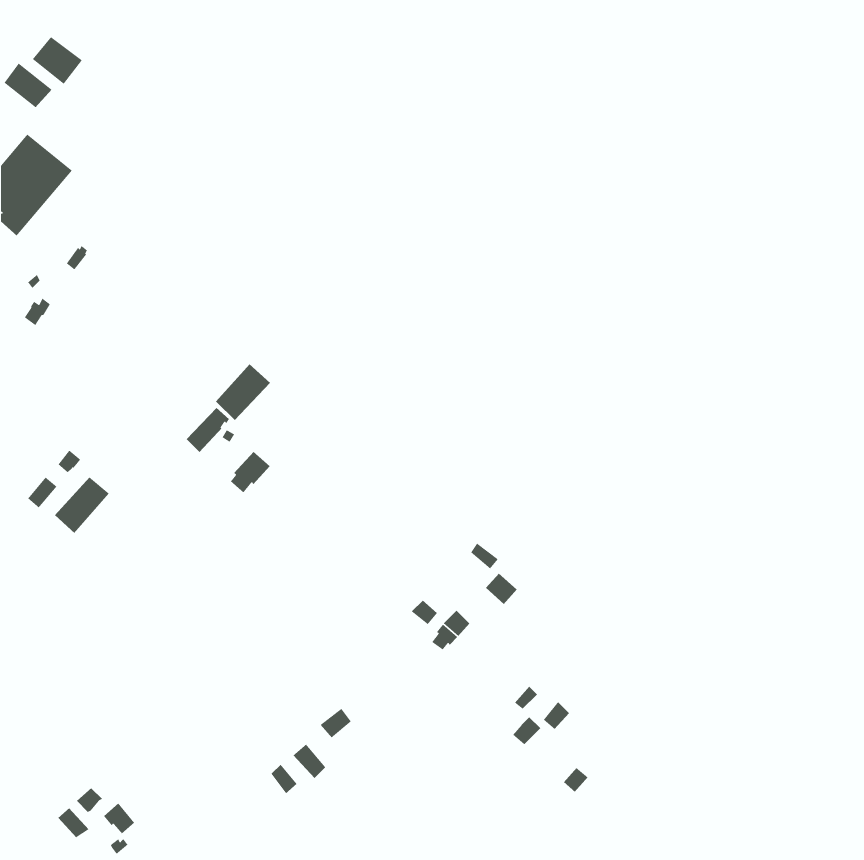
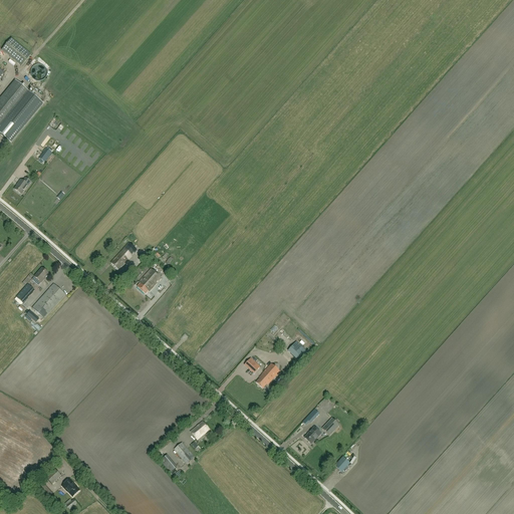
building: [32,36,83,85] -> none
building: [215,364,271,421] -> none

